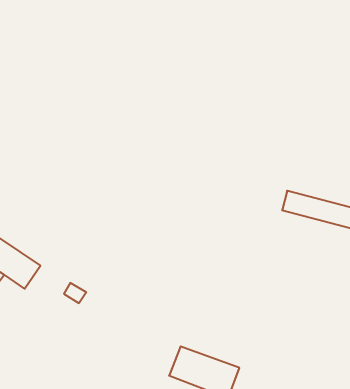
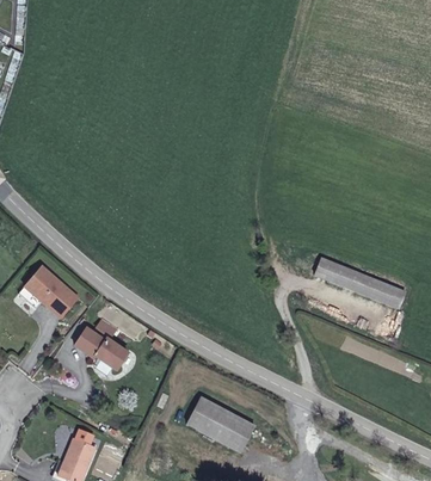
building: none -> [75,329,128,372]

